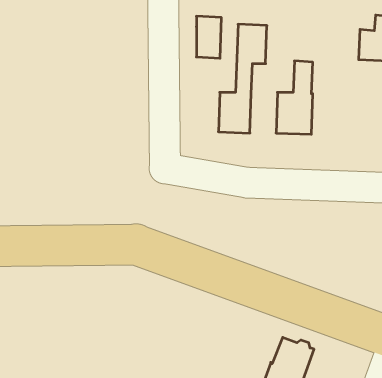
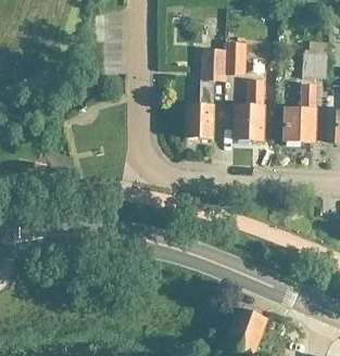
building: [196,16,221,58] -> [226,40,247,75]
building: none -> [285,84,316,141]

